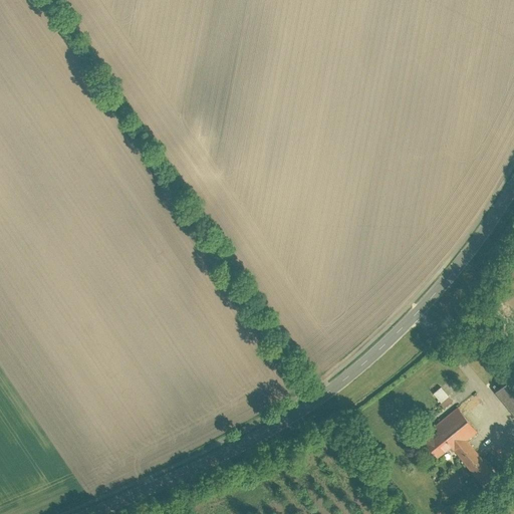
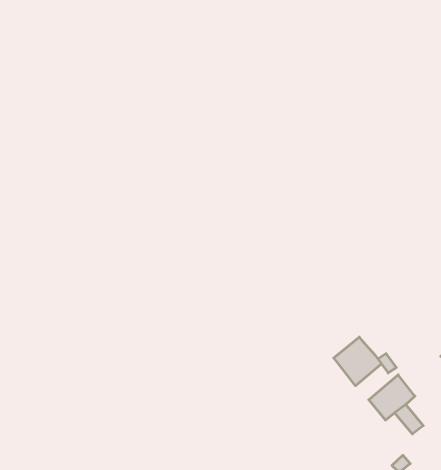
building: none -> [334,337,381,386]

